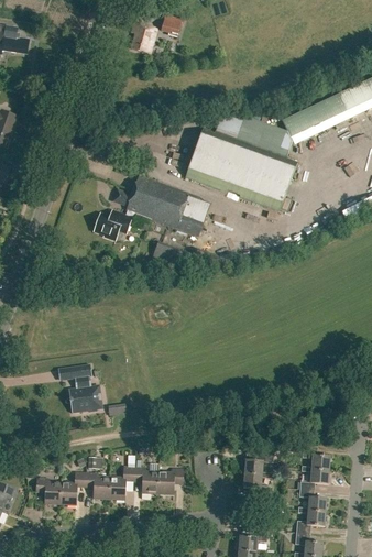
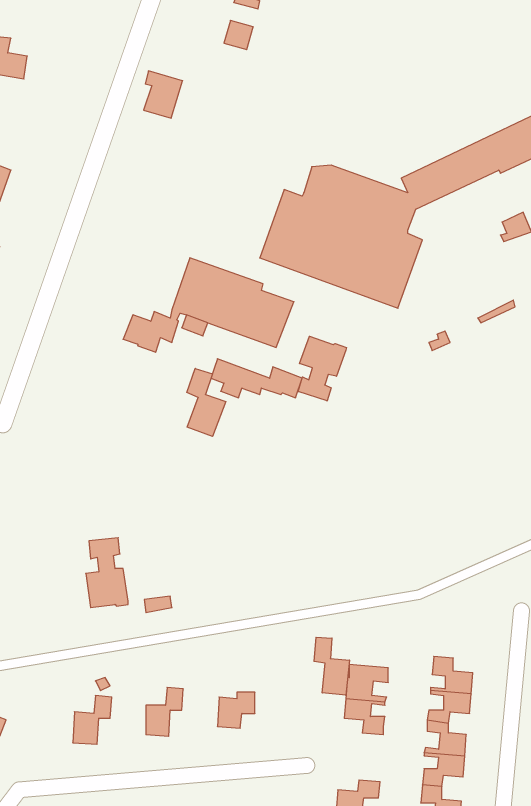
building: [131,21,157,53] -> [144,71,183,118]
building: none -> [298,336,346,401]
building: none -> [187,368,226,436]
building: none -> [314,637,349,695]
building: [133,467,158,492] -> none
building: [85,472,109,498] -> none
building: [35,477,61,503] -> none

